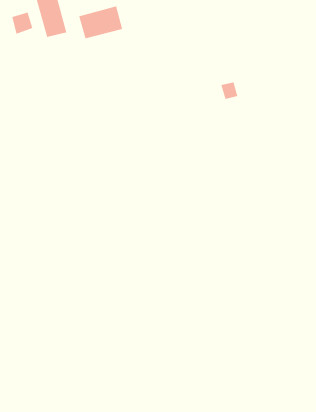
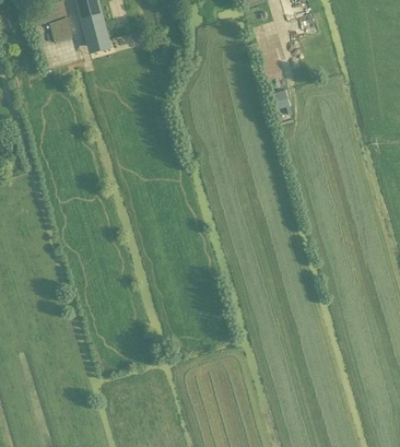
building: [79,5,123,39] -> none

